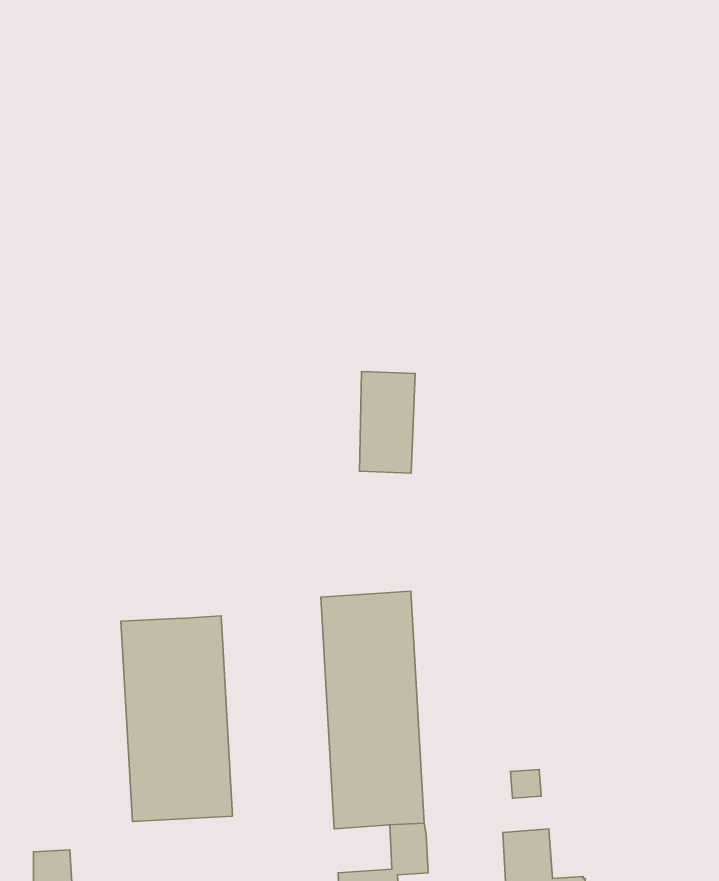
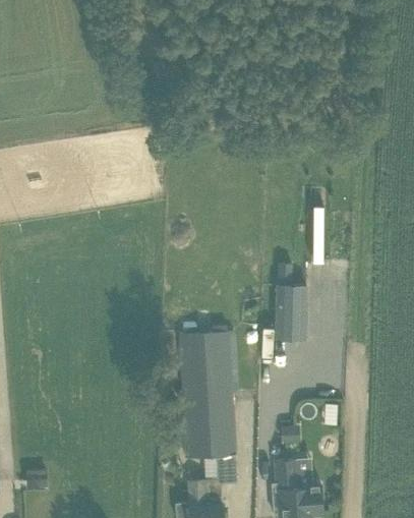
building: [359,372,415,473] -> [277,285,306,339]
building: [121,616,233,821] -> none

